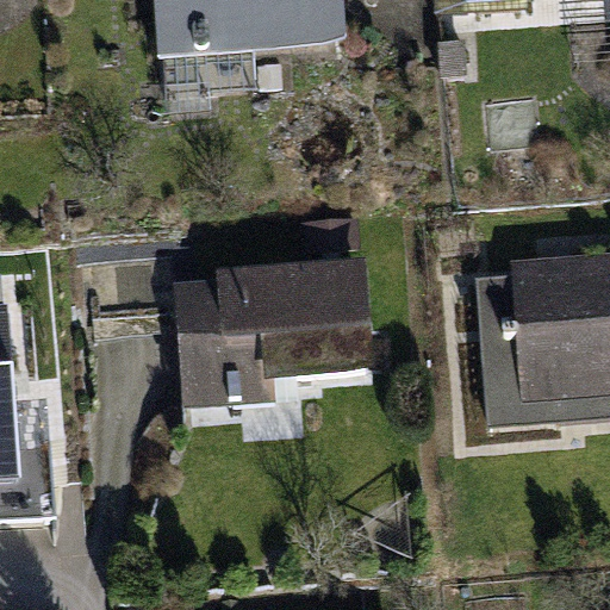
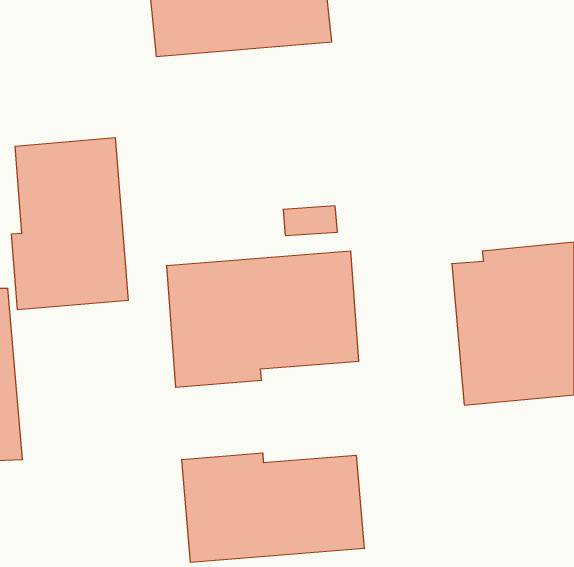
building: none -> [12,138,128,310]
building: none -> [182,453,364,562]

